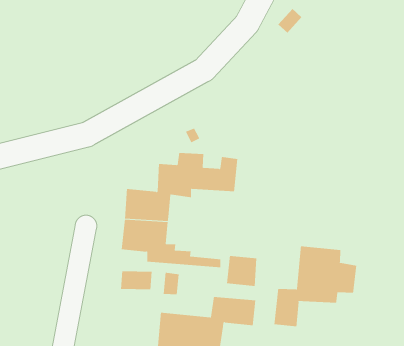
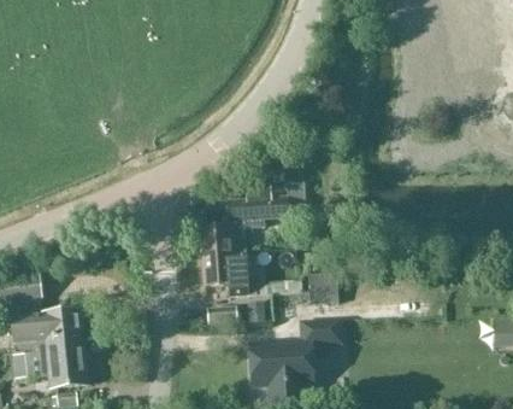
building: [274,246,357,327] -> none

